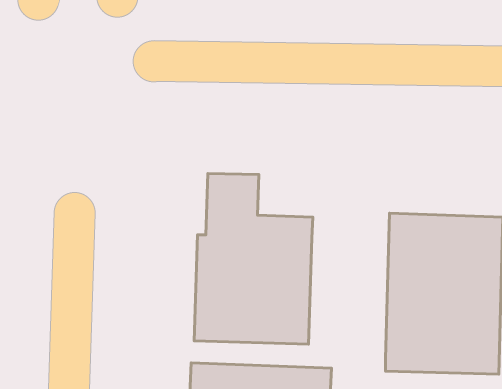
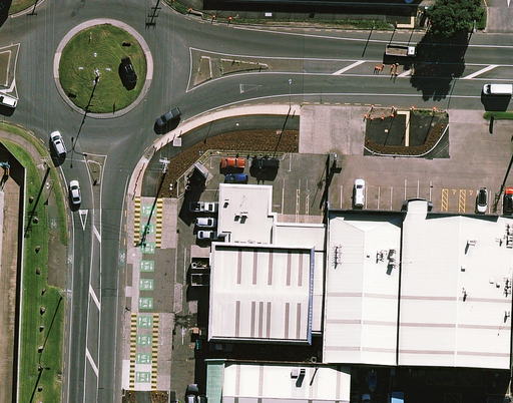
building: none -> [320,216,398,358]

